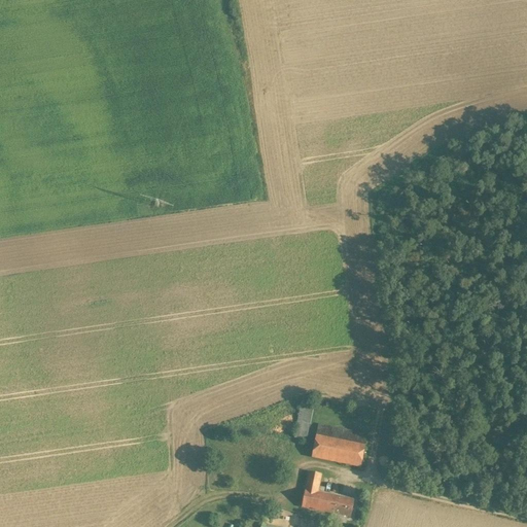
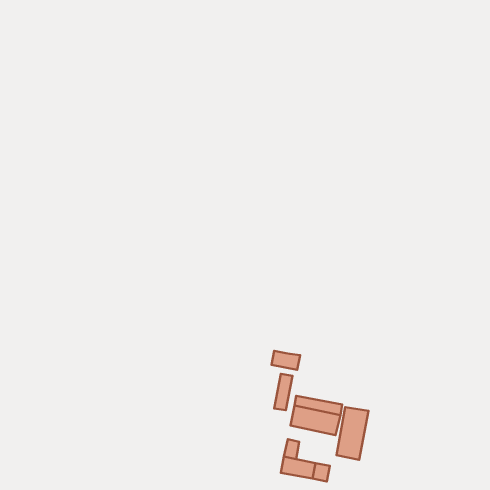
building: none -> [272,351,300,370]
building: none -> [337,407,368,460]

